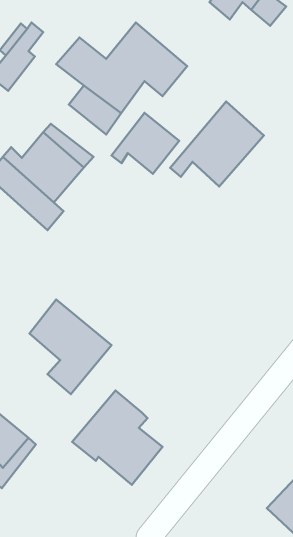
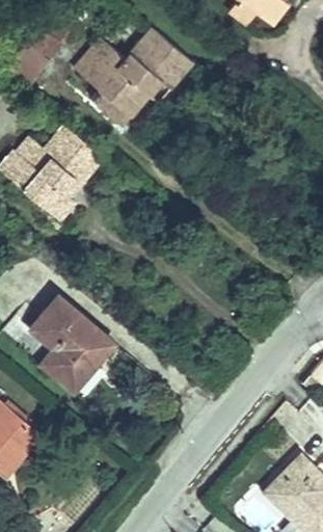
building: [170,102,264,186] -> none
building: [112,113,179,174] -> none
building: [72,391,162,485] -> none

